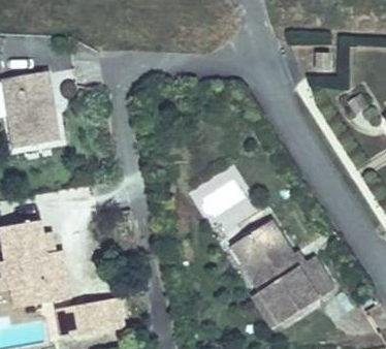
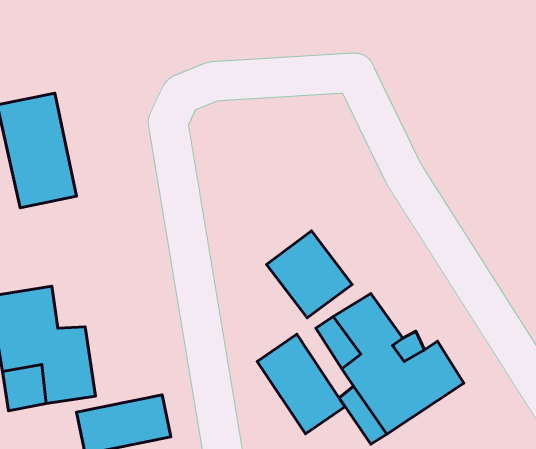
building: none -> [257,334,345,434]

